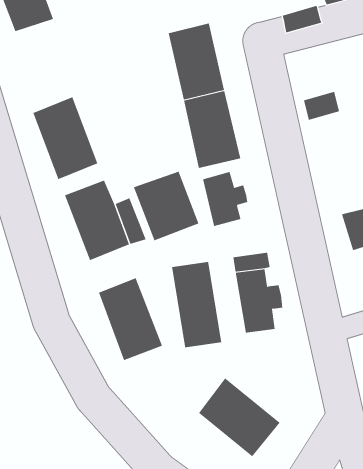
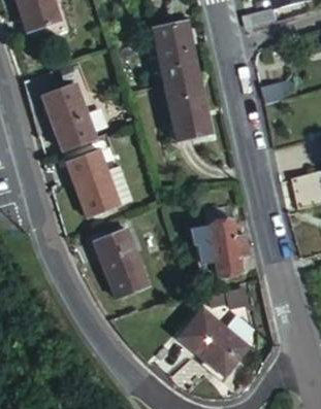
building: [133,171,199,241] -> none
building: [203,171,248,227] -> none
building: [171,261,222,348] -> none

